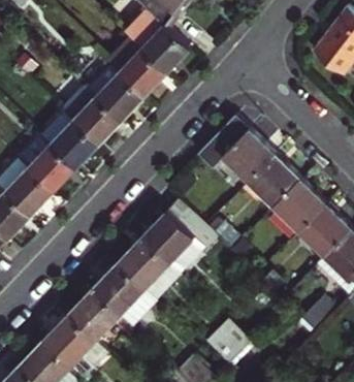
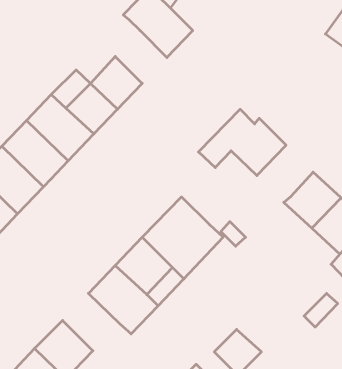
building: [106,37,165,96] -> none
building: [248,153,299,205] -> none
building: [69,289,122,342] -> none

